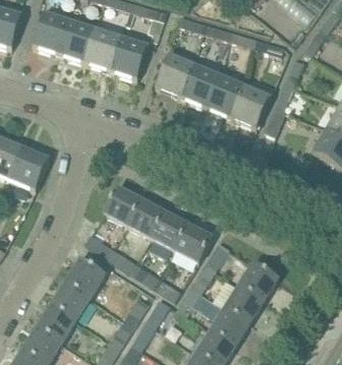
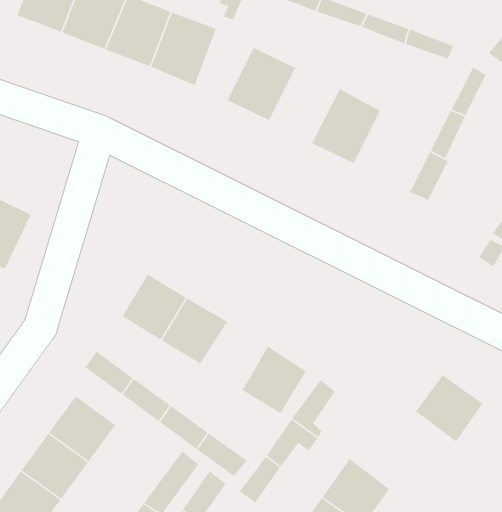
building: [181,64,220,107] -> none
building: [231,85,270,128] -> none
building: [148,211,188,257] -> none
building: [239,262,278,301] -> [415,374,484,443]

